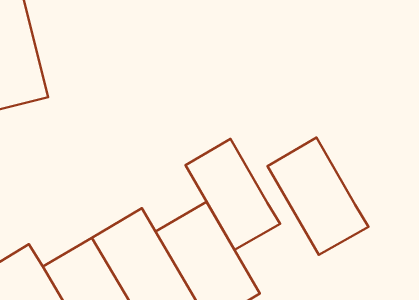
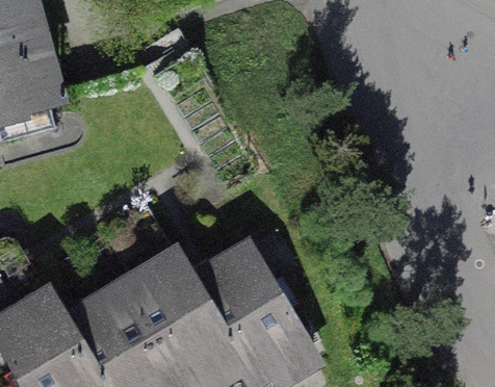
building: [268,138,368,255] -> none
building: [186,139,280,250] -> none

